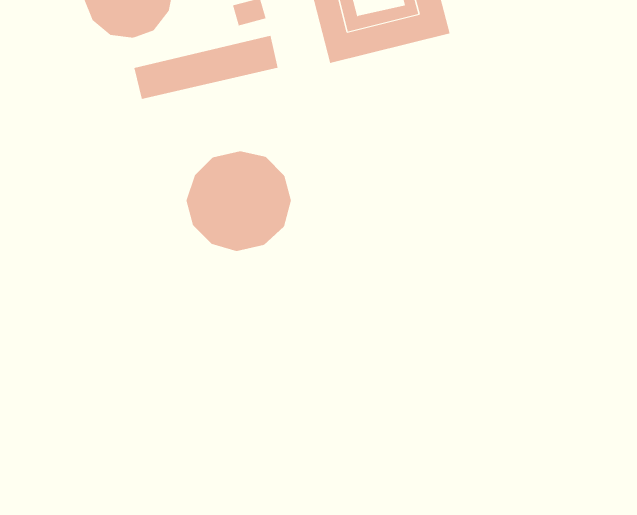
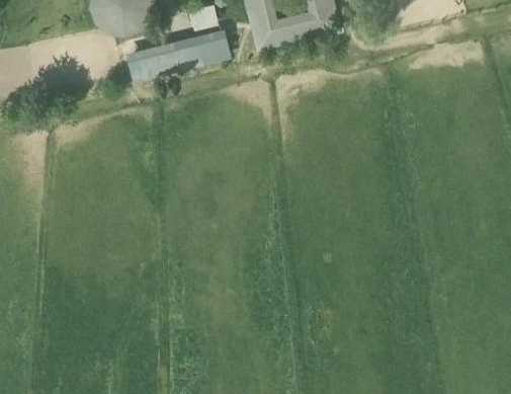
building: [186,151,292,252] -> none

